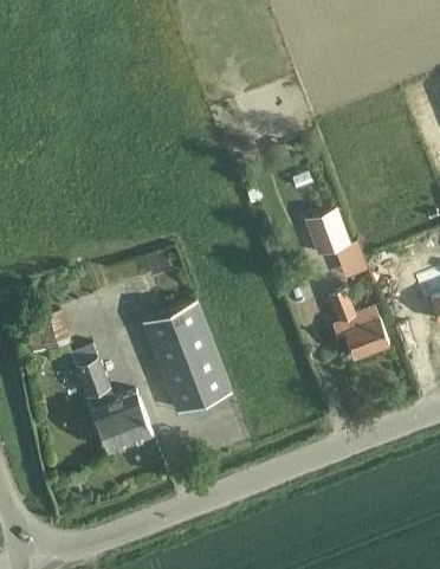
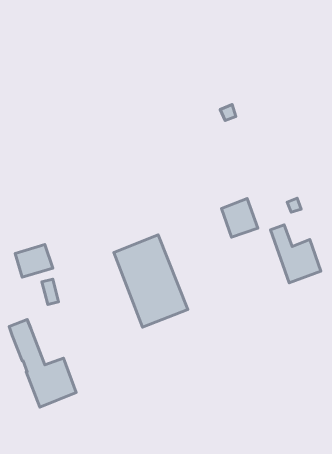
building: [304,211,348,257] -> [222,199,258,237]
building: [71,347,151,452] -> [9,320,76,407]

